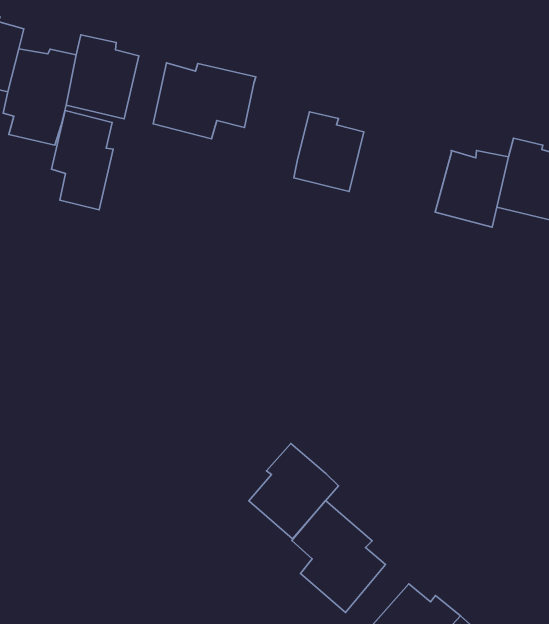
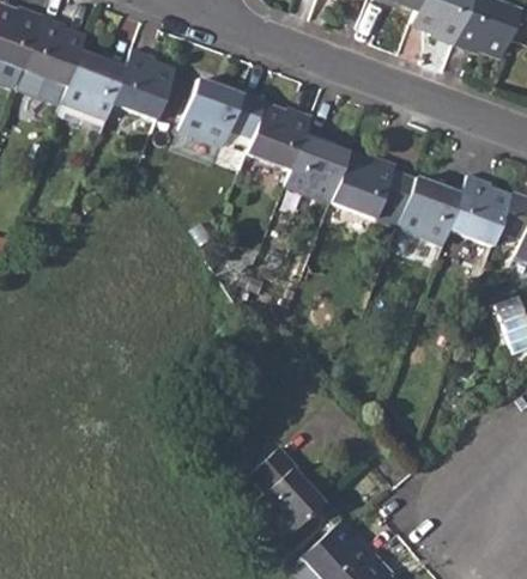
building: none -> [248,105,315,171]
building: [52,110,113,210] -> none
building: none -> [332,156,418,227]
building: [249,443,338,539] -> none

